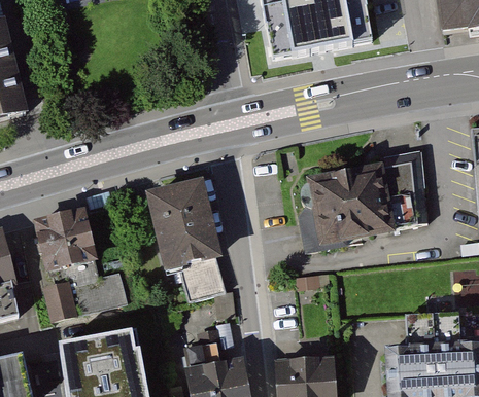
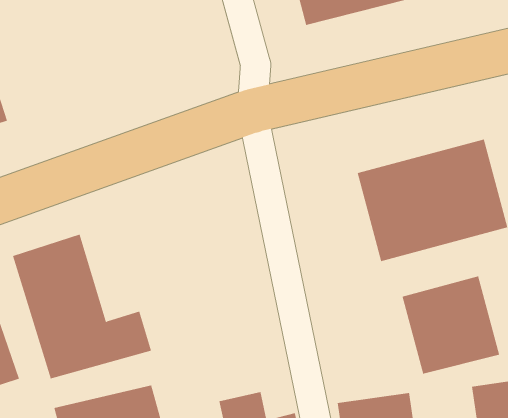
building: [145,178,228,299] -> none
building: none -> [402,275,500,374]

